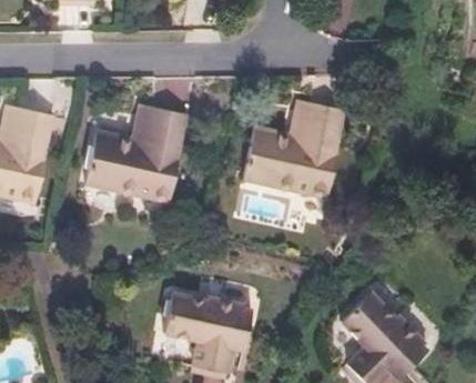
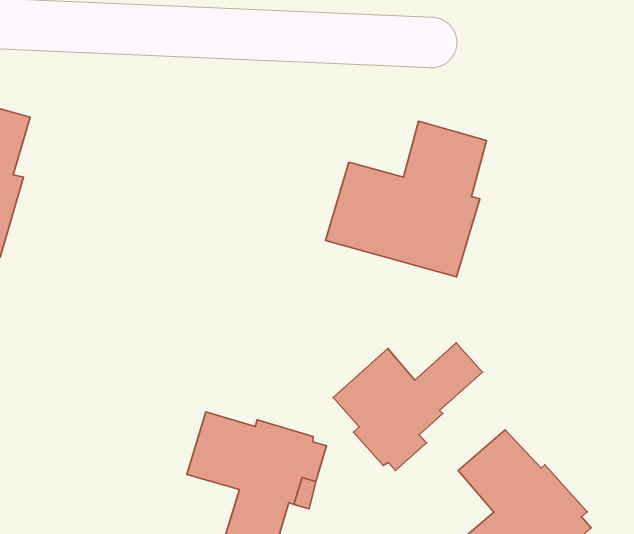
building: [84,99,184,200] -> none
building: none -> [333,343,482,470]

